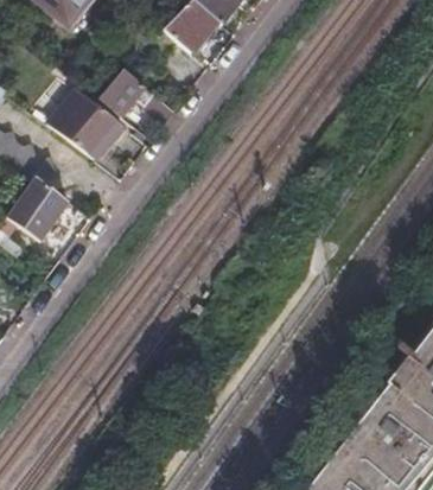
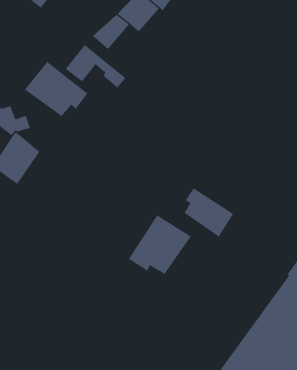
building: none -> [184,187,234,237]
building: none -> [128,215,191,275]

